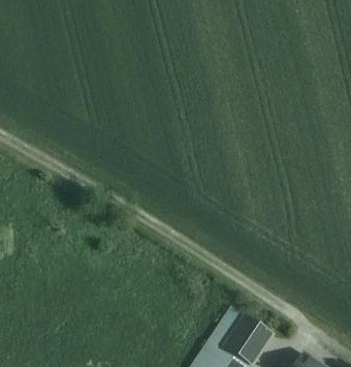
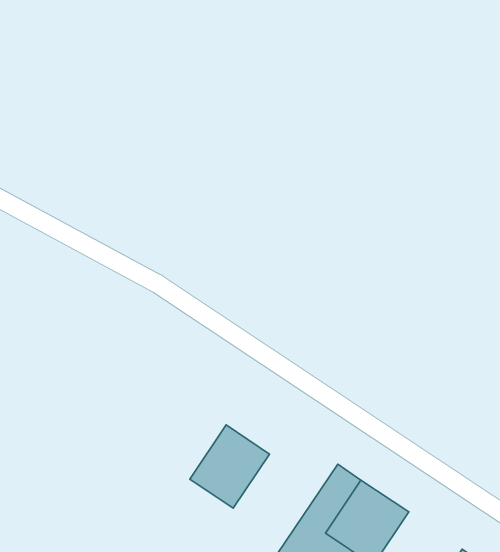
building: none -> [190,425,269,508]

